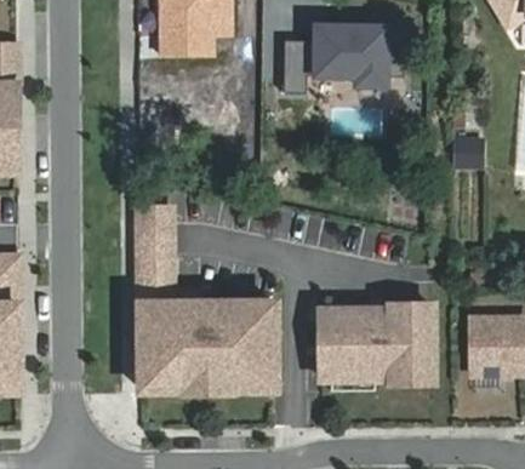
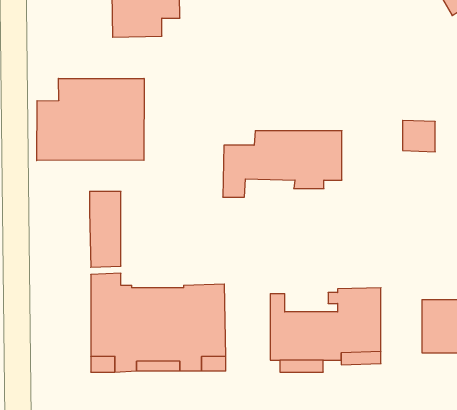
building: [283,24,403,91] -> [223,131,342,197]
building: none -> [37,78,144,161]

